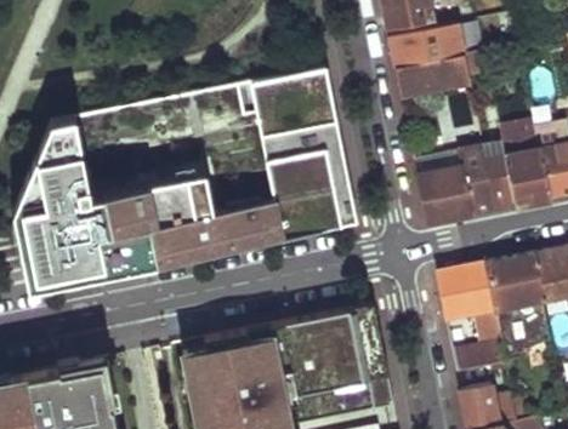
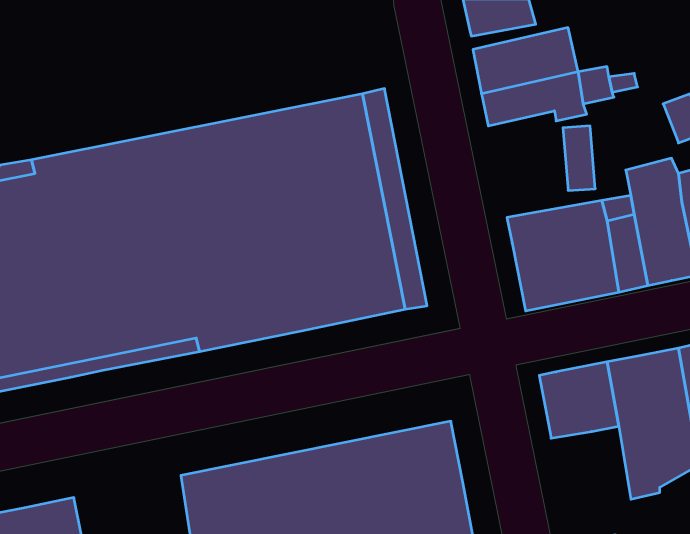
building: [453,310,504,374] -> none

